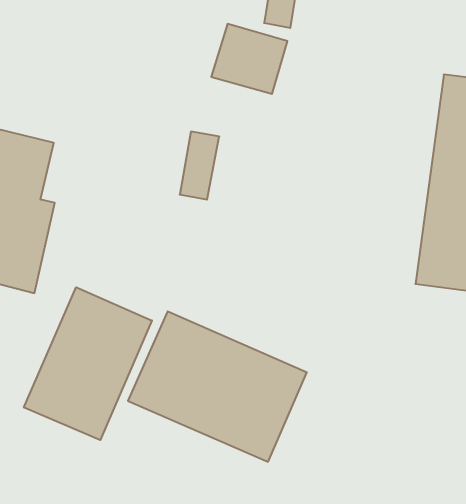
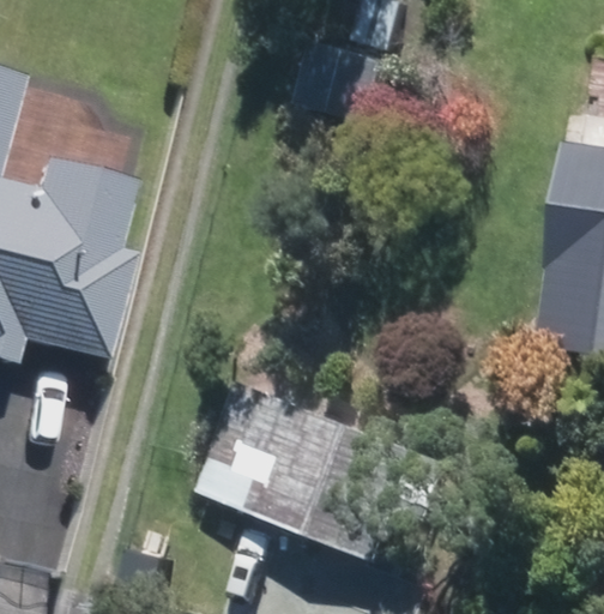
building: [24,287,152,440] -> none

